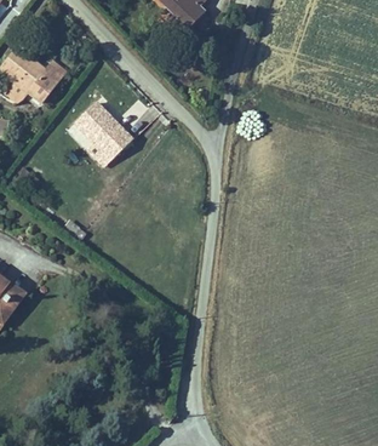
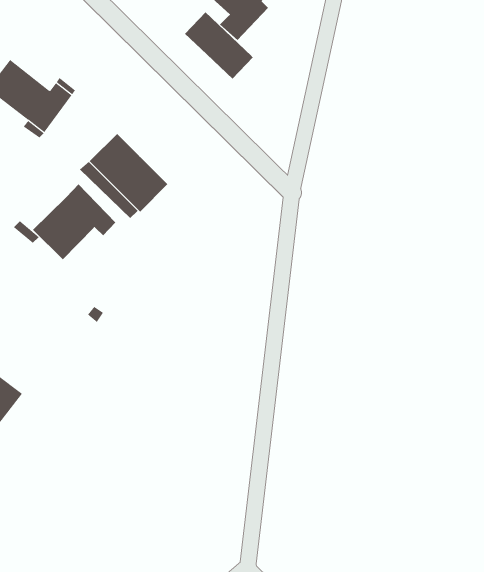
building: none -> [184,11,254,80]
building: none -> [32,184,116,260]

